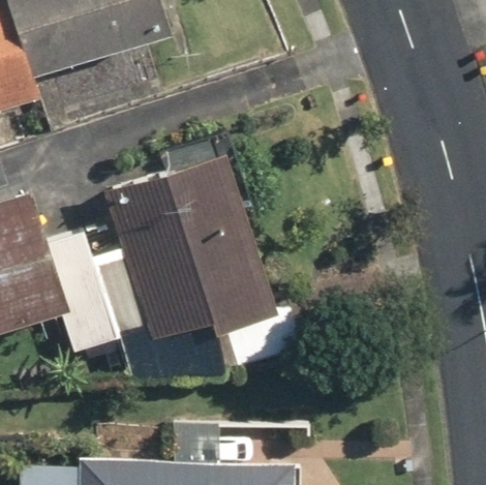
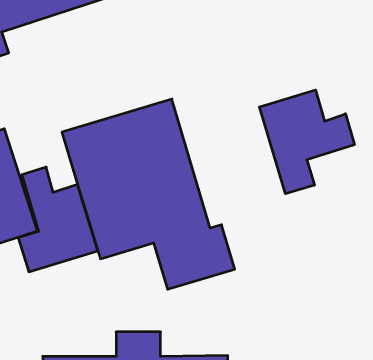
building: none -> [259,90,354,194]

